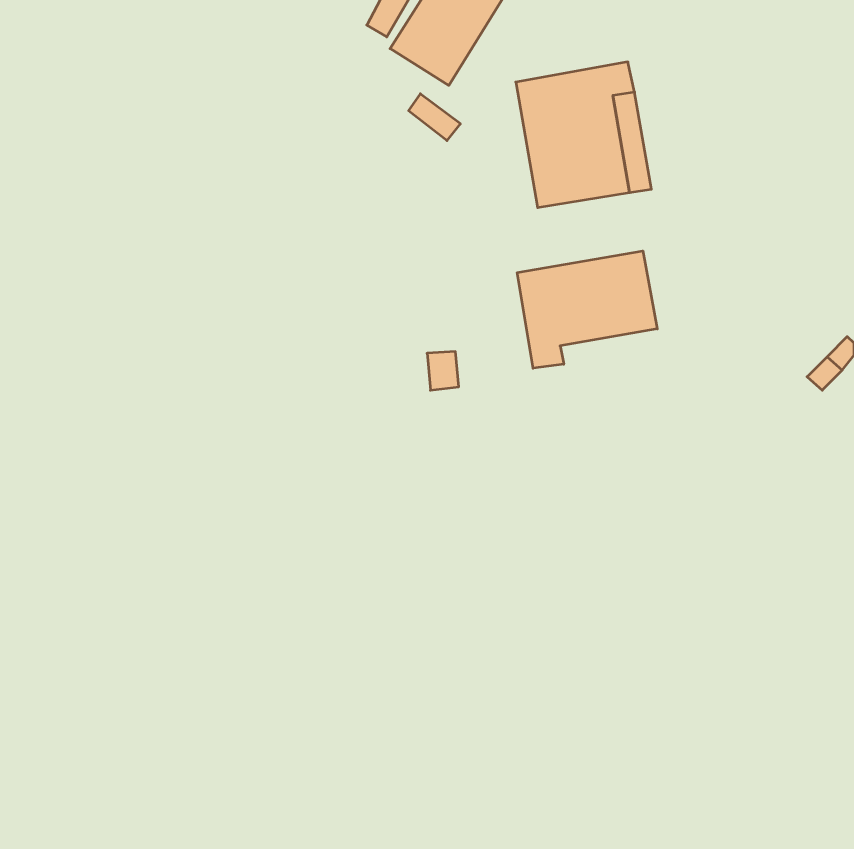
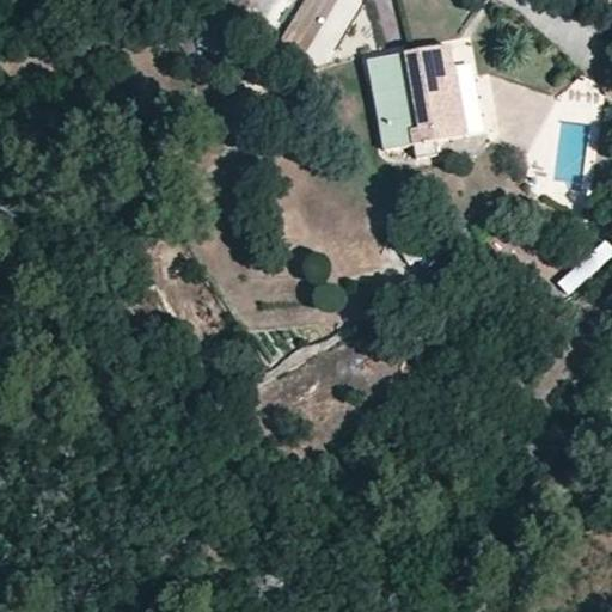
building: [517,251,657,368] -> none

